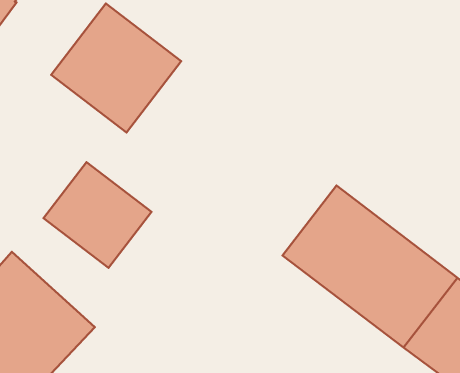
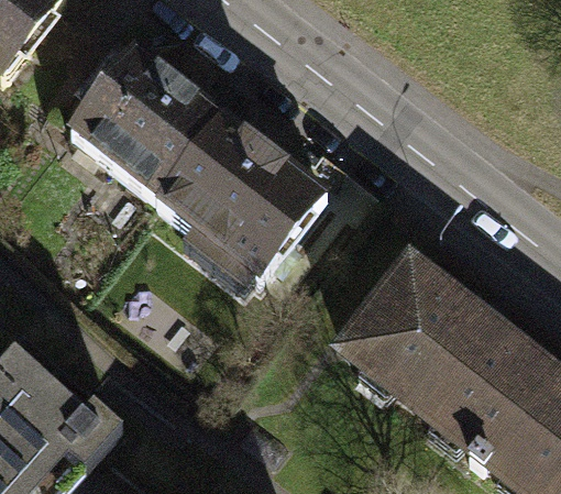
building: none -> [156,114,321,275]
building: [44,162,151,268] -> none

